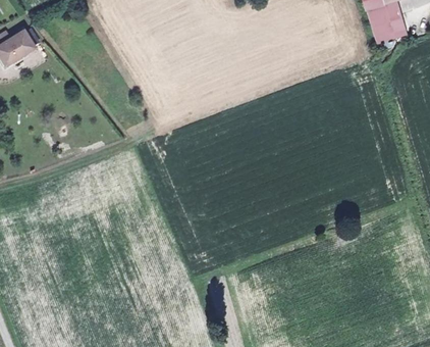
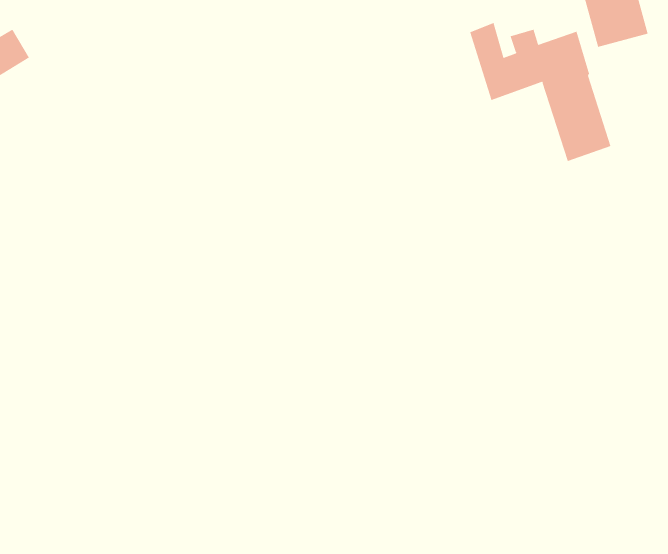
building: none -> [469,22,611,162]

